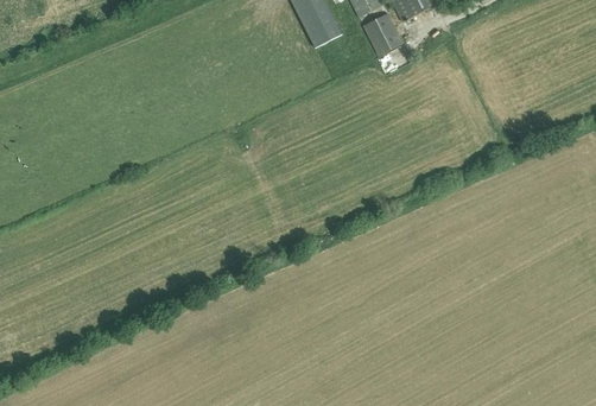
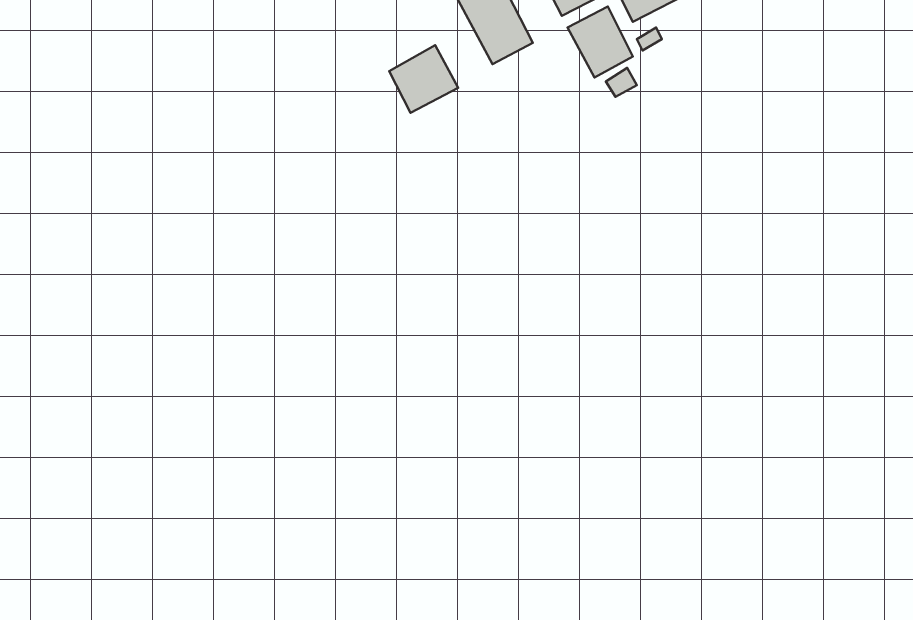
building: none -> [389,45,458,113]

